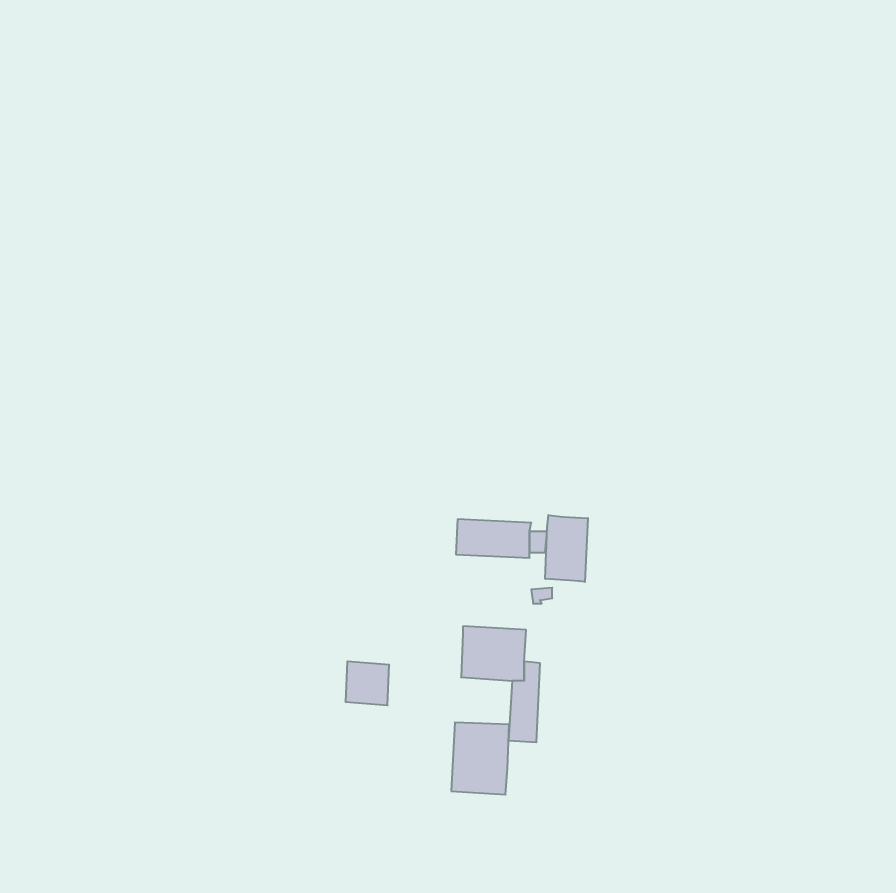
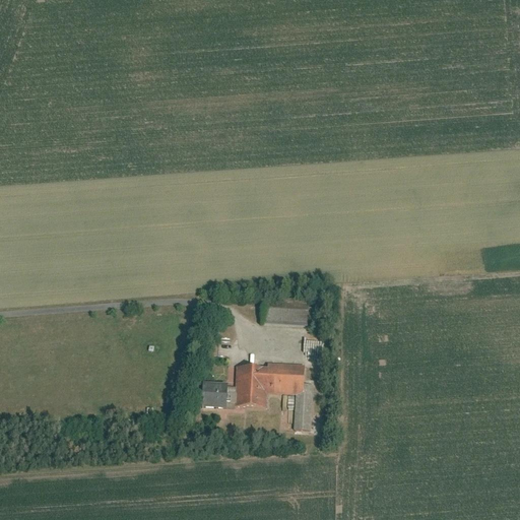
building: [545,515,588,582] -> none
building: [451,723,509,795] -> [235,366,268,407]

